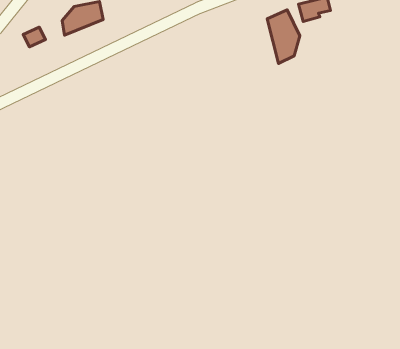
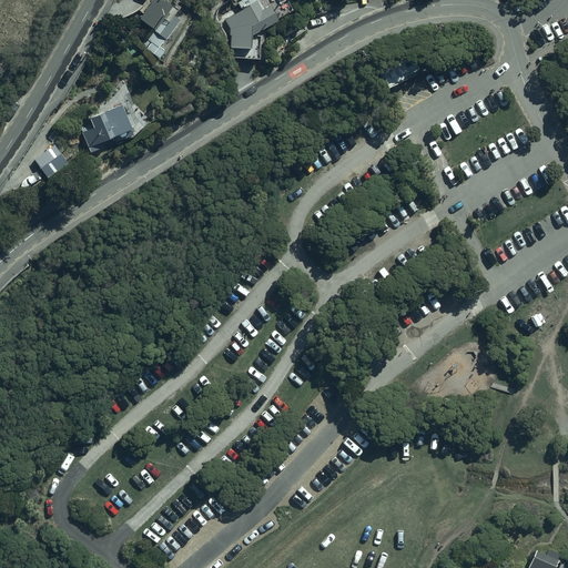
building: [267,10,300,63] -> none

